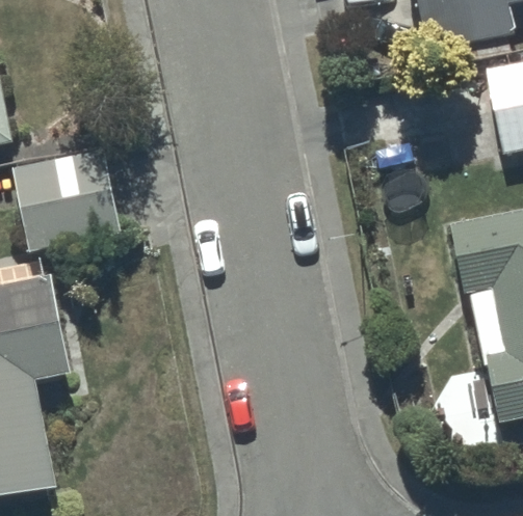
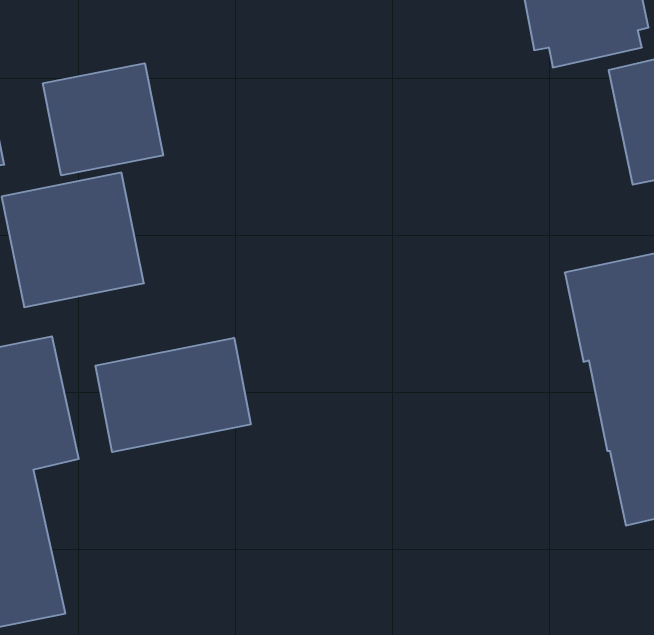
building: none -> [43,63,163,175]
building: none -> [95,338,251,452]

